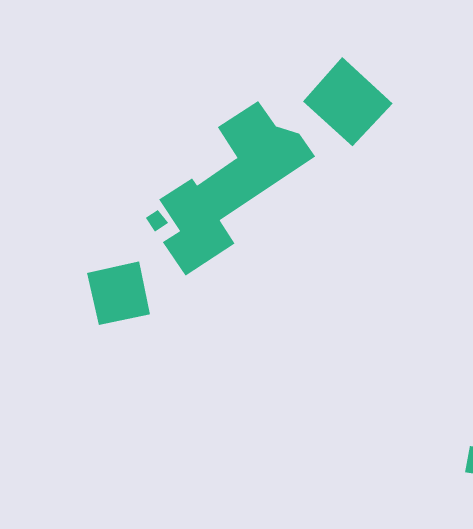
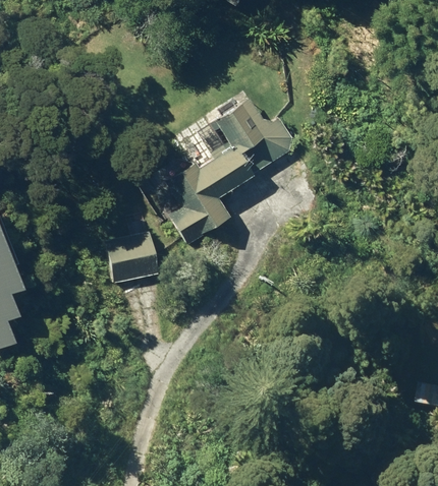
building: [302,56,393,147] -> none

